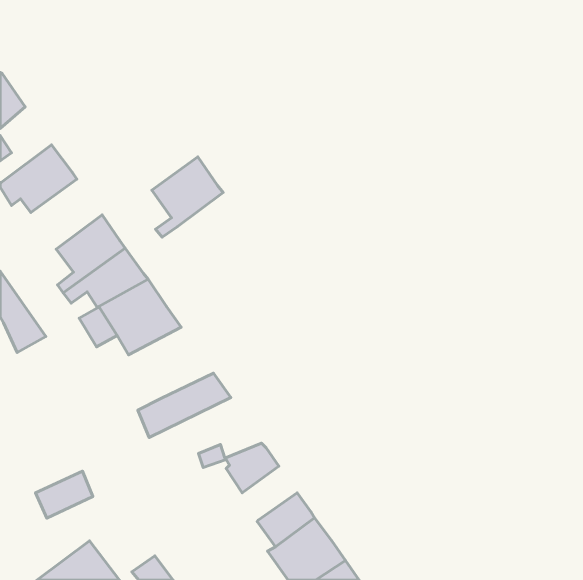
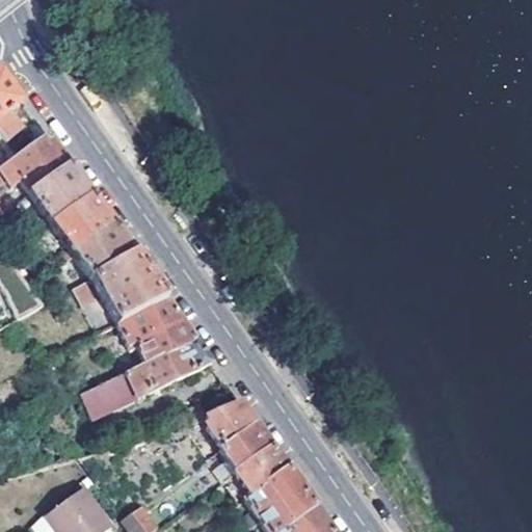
building: [152,157,223,237] -> [31,162,96,235]
building: none -> [119,296,196,361]
building: none -> [220,422,272,471]
building: [36,471,93,518] -> [85,371,137,414]

